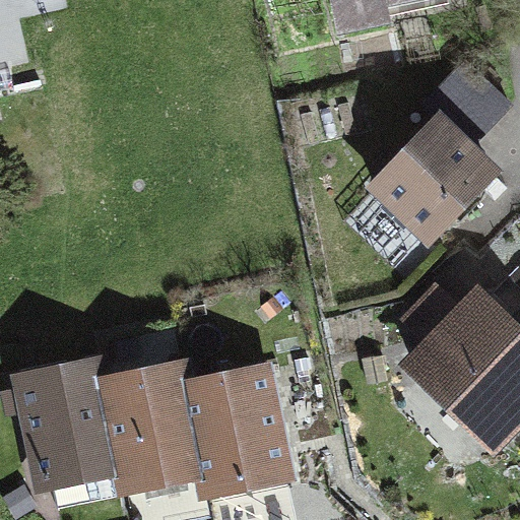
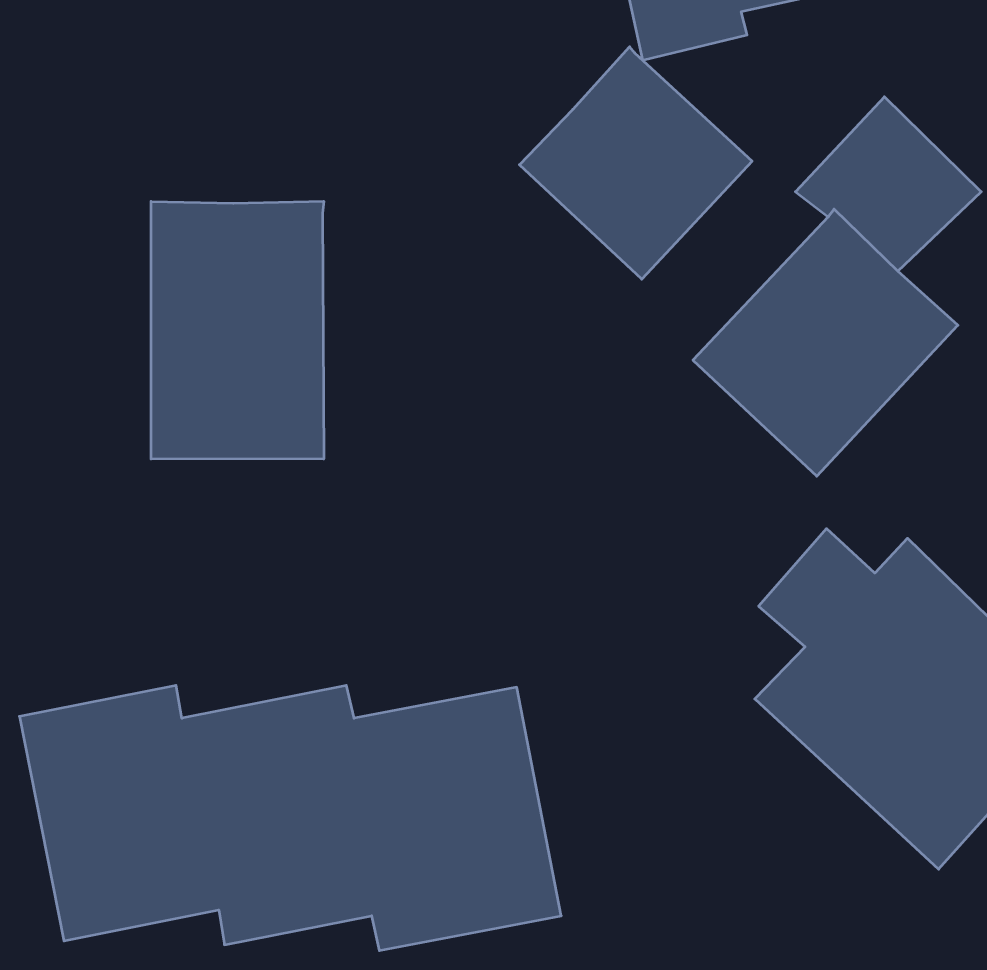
building: none -> [519,47,752,279]
building: none -> [151,201,324,459]

